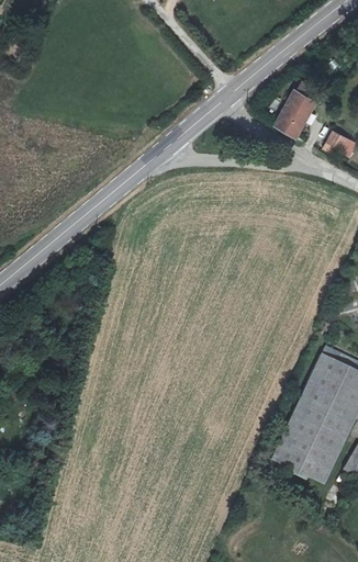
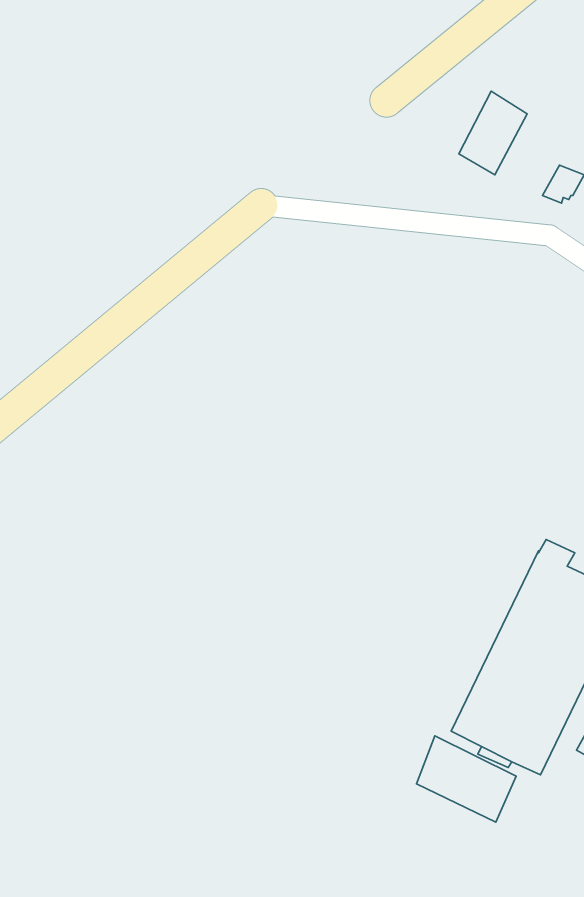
building: none -> [416,736,516,822]

